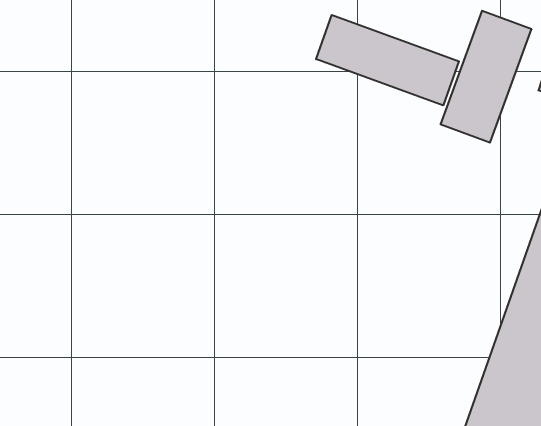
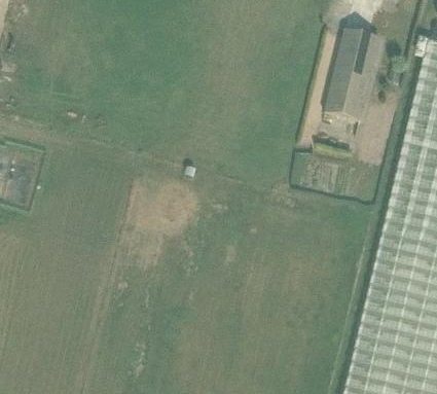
building: [316,15,459,105] -> none

